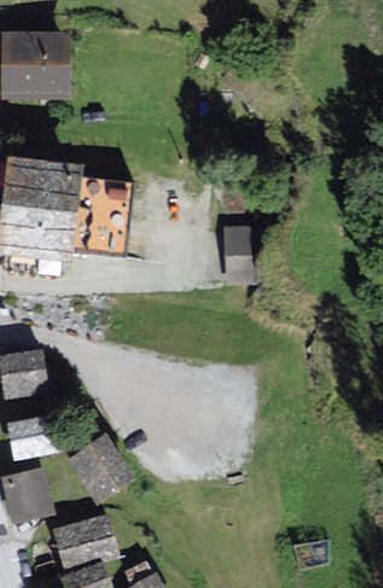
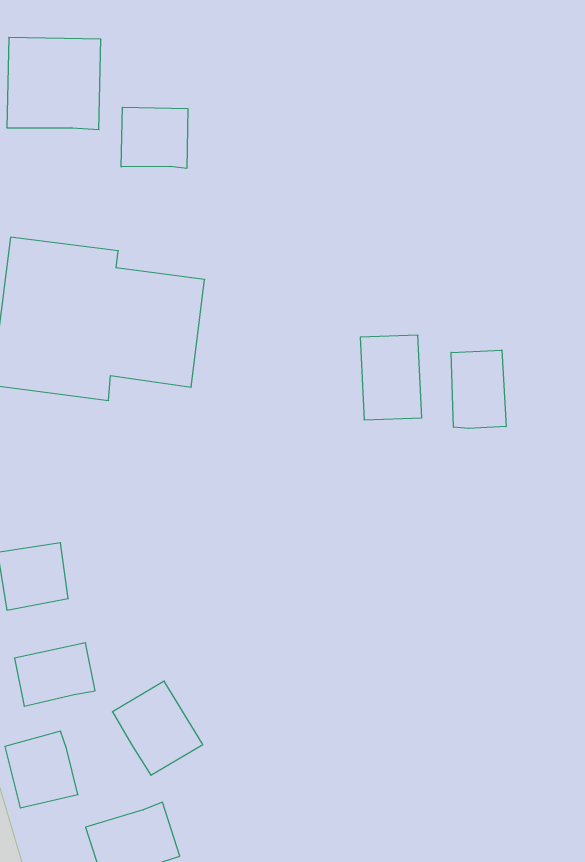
building: none -> [121,107,188,168]
building: none -> [451,350,506,428]

